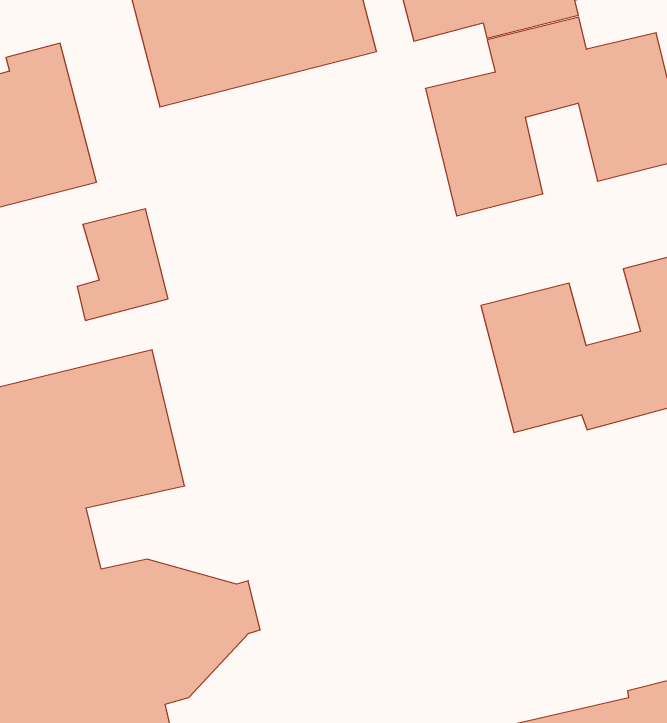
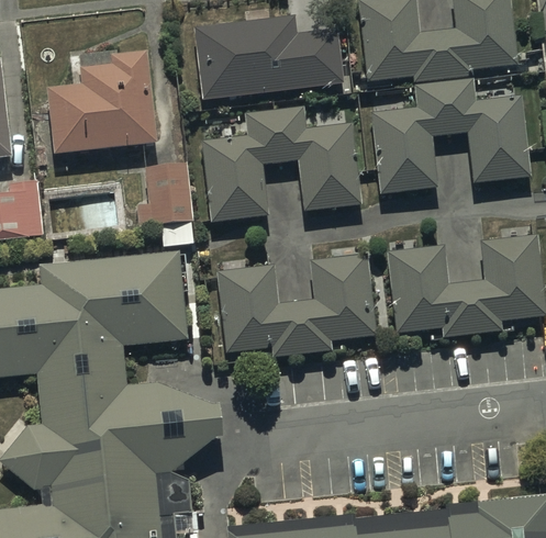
building: none -> [202,107,361,222]
building: none -> [216,254,376,357]

